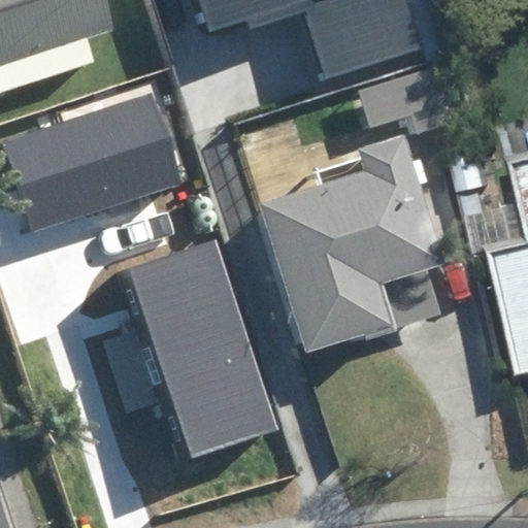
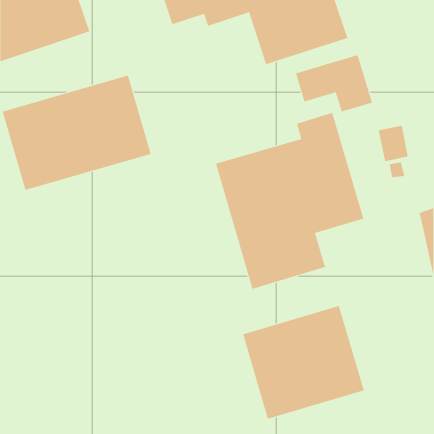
building: [127,237,274,459] -> none
building: none -> [242,305,365,420]

